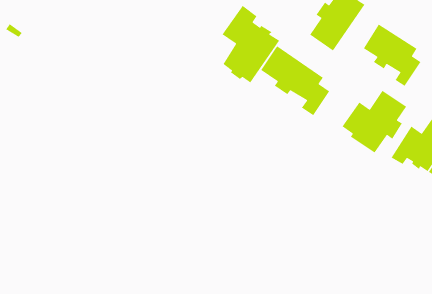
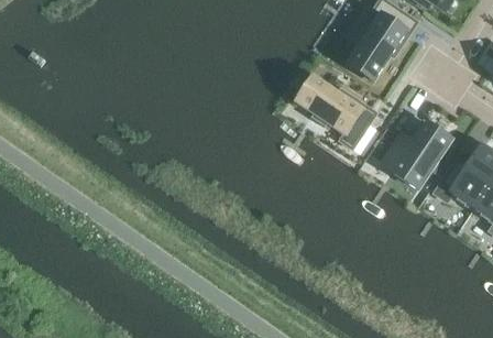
building: [222,5,280,83] -> none
building: [363,24,421,87] -> none

